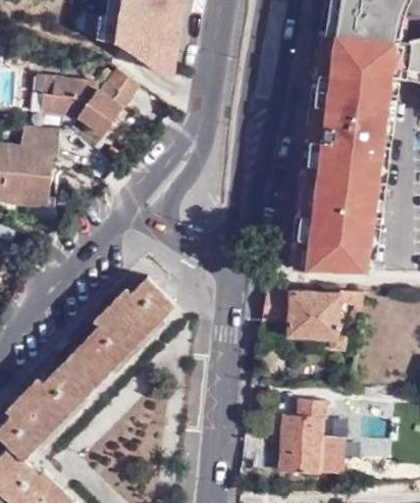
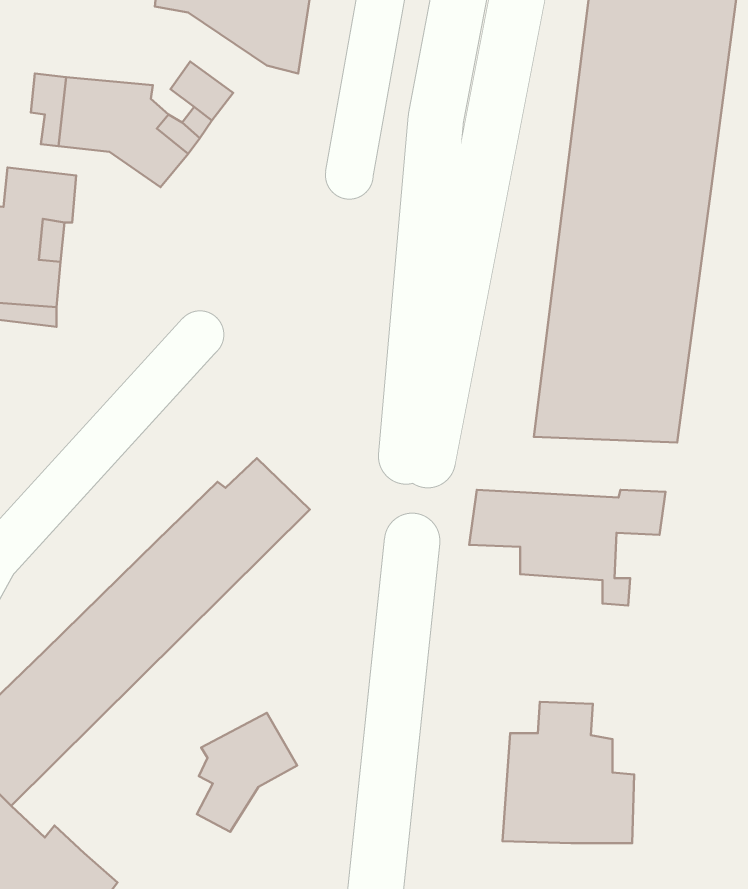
building: none -> [197,713,297,832]

